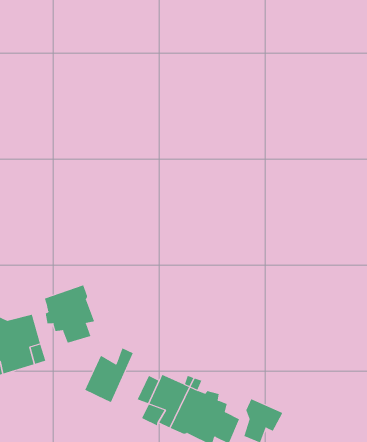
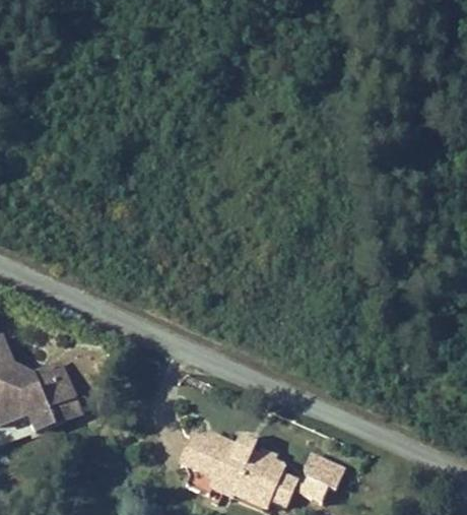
building: [44,284,95,344] -> none
building: [84,348,134,403] -> none

